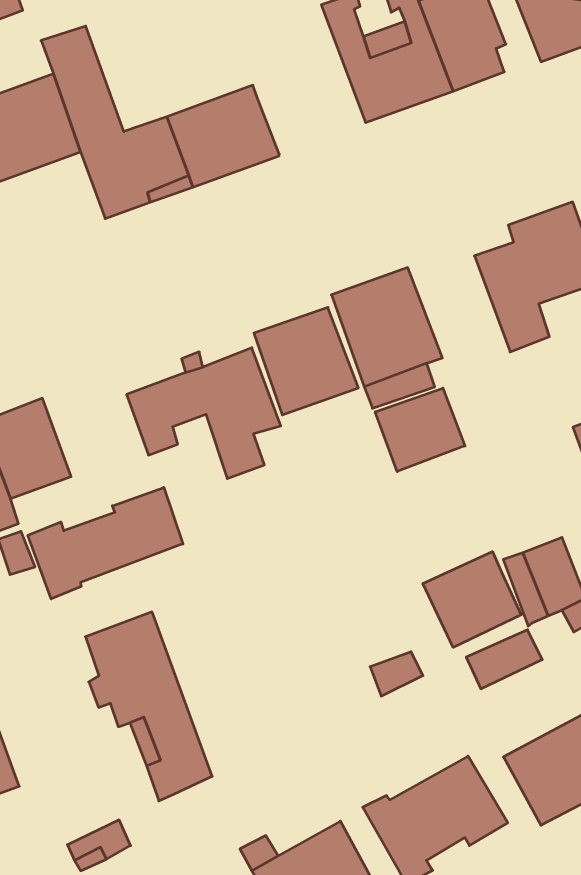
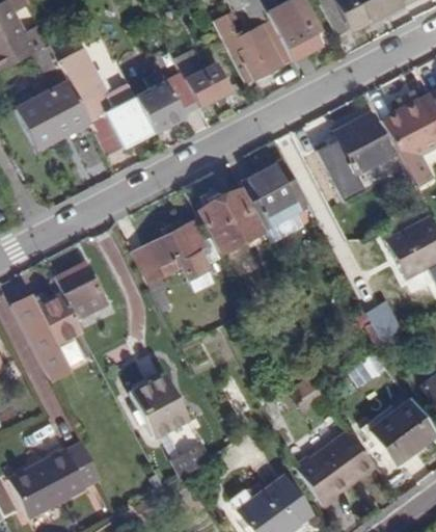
building: none -> [185,64,229,108]
building: [375,388,465,472] -> none
building: [28,487,183,599] -> none
building: [423,552,521,647] -> none

